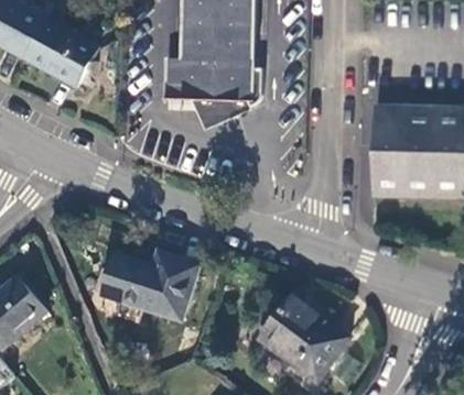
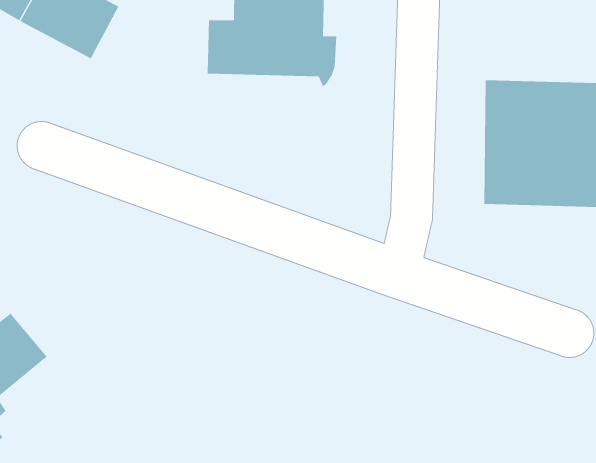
building: [104,251,198,318] -> none
building: [260,294,347,380] -> none

